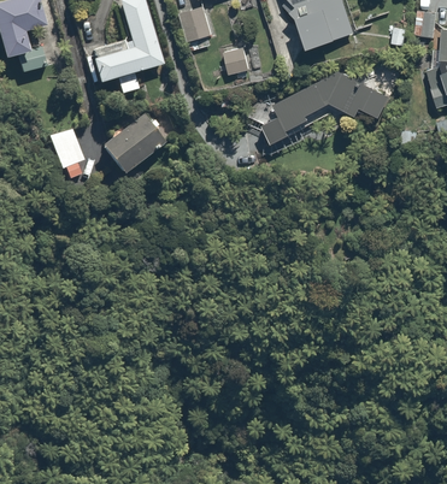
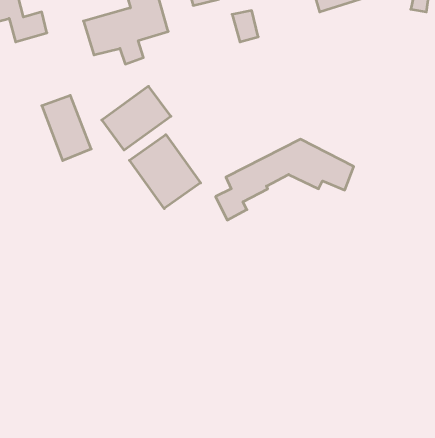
building: [260,71,388,146] -> [216,139,354,220]
building: none -> [129,135,201,209]

